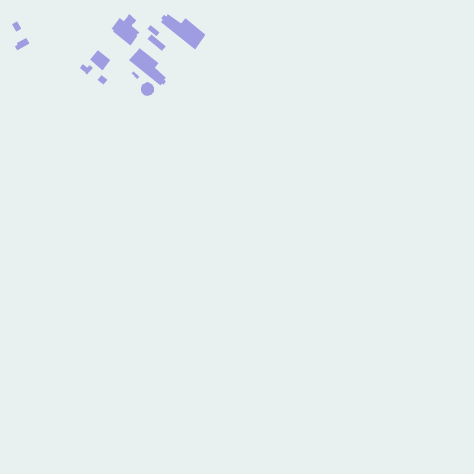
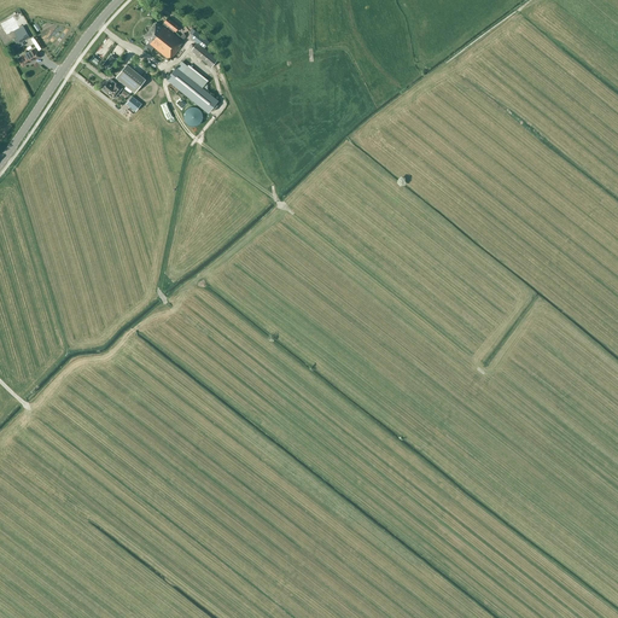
building: [160,13,207,50] -> none

